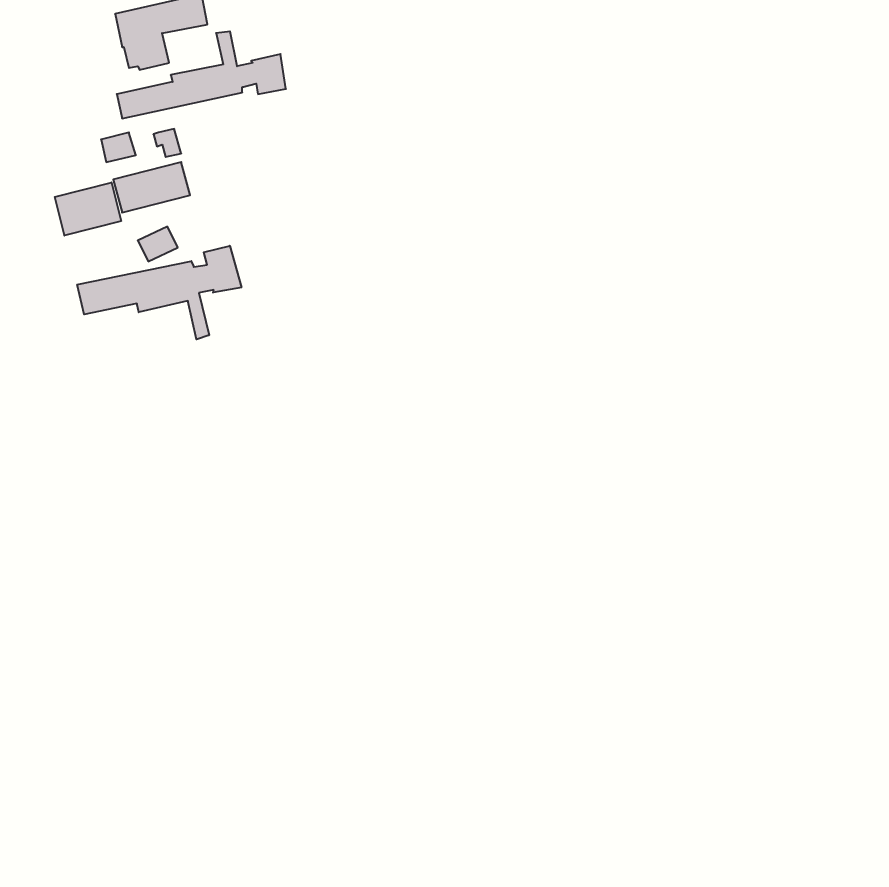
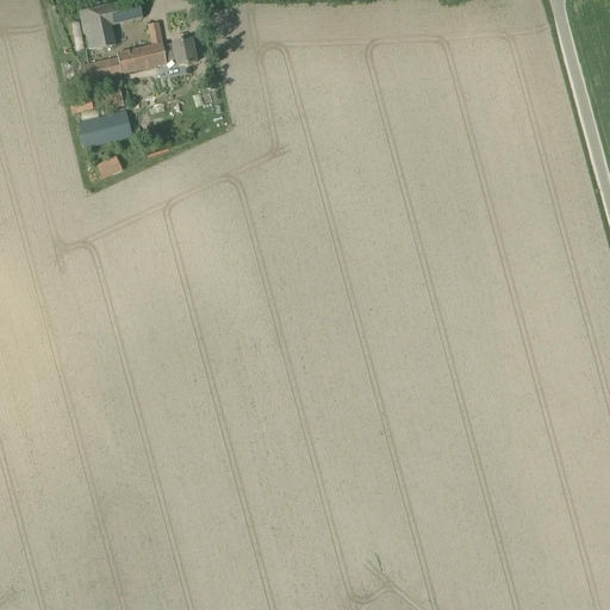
building: [55,182,121,236] -> none
building: [77,246,241,339] -> none

